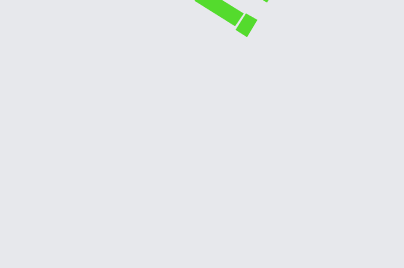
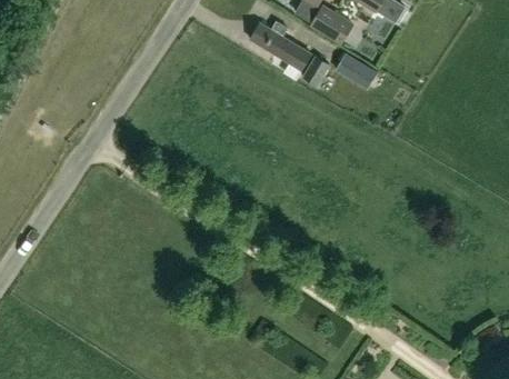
building: none -> [335,53,376,88]

